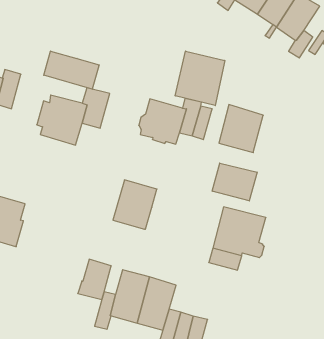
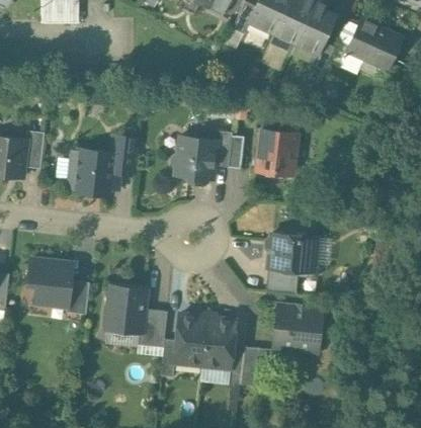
building: [175,51,225,106] -> none
building: [44,51,99,89] -> none
building: [212,163,257,201] -> none
building: [113,180,157,229] -> [105,285,145,332]
building: none -> [65,280,88,315]
building: none -> [272,306,321,351]

